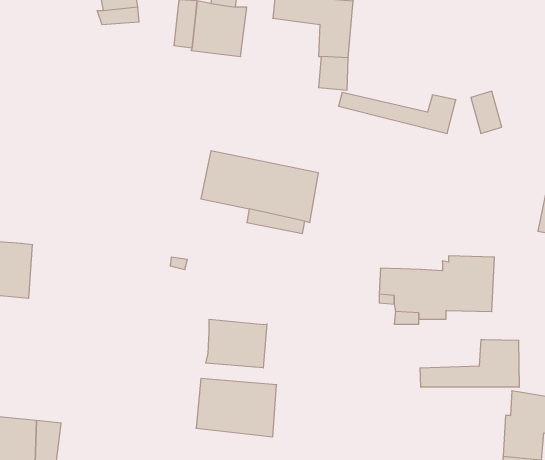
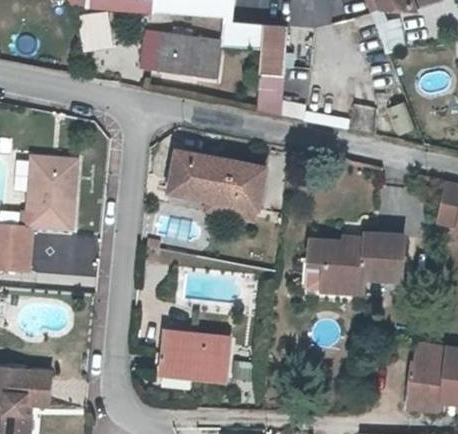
building: none -> [197,34,221,77]
building: none -> [20,154,76,228]
building: [206,319,267,368] -> none
building: [420,339,519,387] -> none

